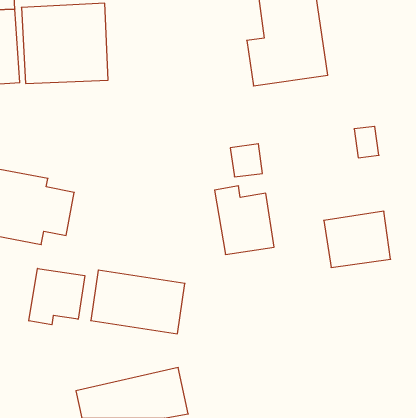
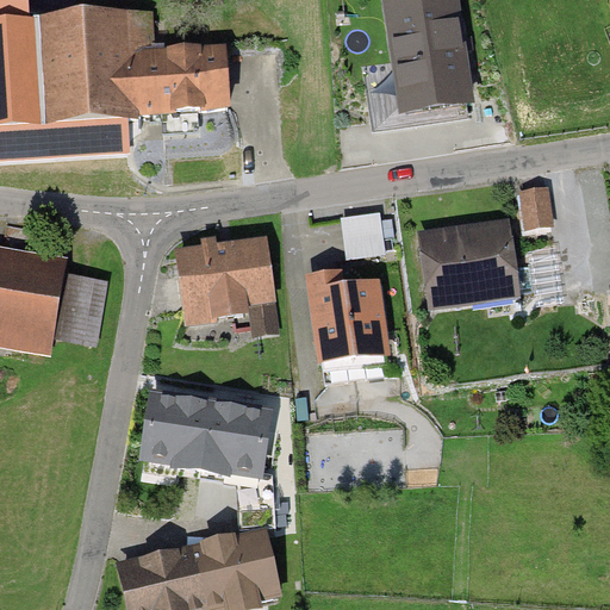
building: none -> [155,43,231,116]
building: none -> [182,234,281,324]
building: [324,211,391,267] -> [424,218,521,299]
building: [29,268,85,325] -> none

